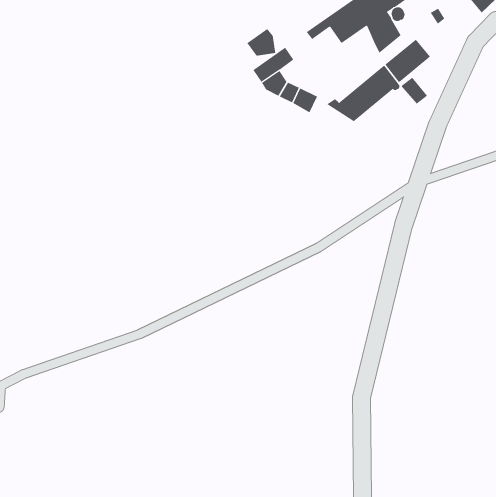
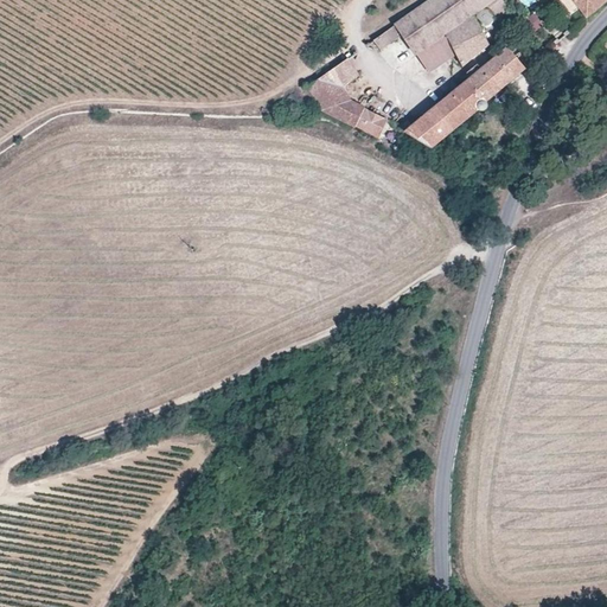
building: none -> [415,32,455,71]
building: [247,28,276,57] -> none
building: [401,77,428,104] -> none

